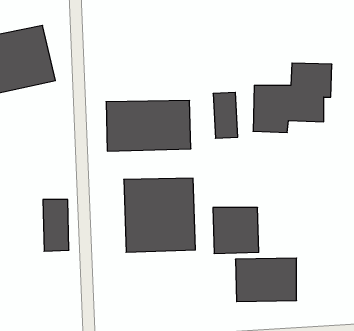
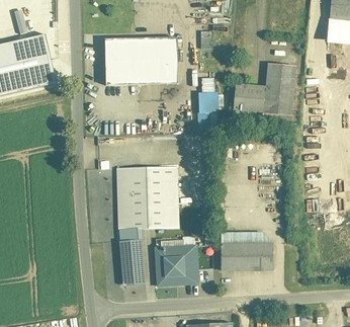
building: [106,101,191,151] -> [109,37,182,81]
building: [43,200,69,251] -> [118,240,141,284]
building: [213,208,259,253] -> [155,247,194,287]

